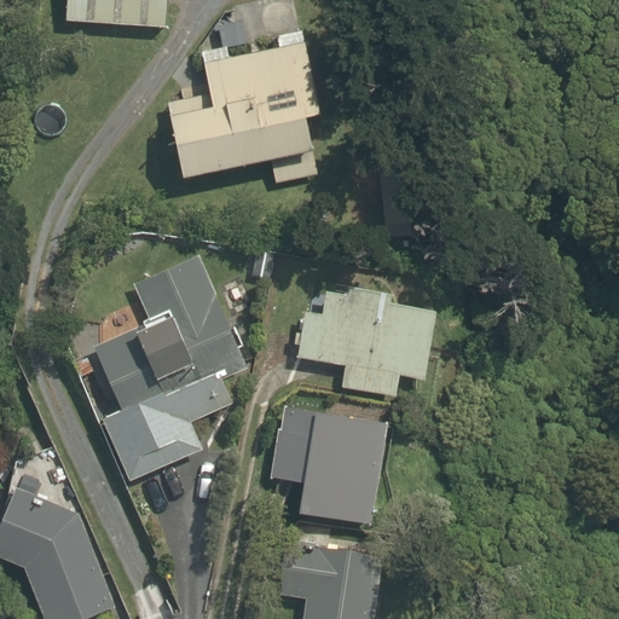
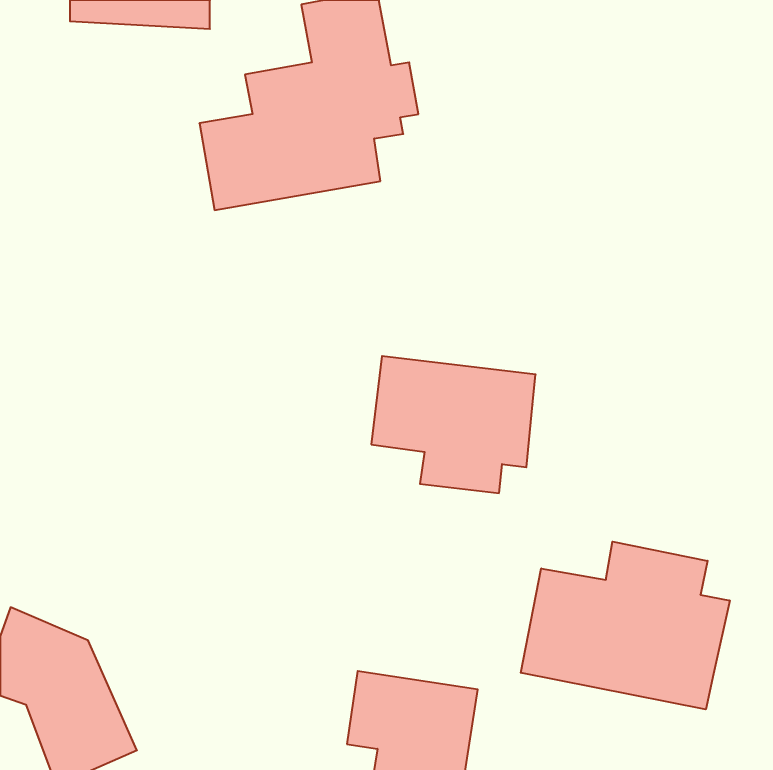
building: [92,260,249,482] -> none
building: [278,404,391,525] -> none
building: none -> [521,542,730,709]

